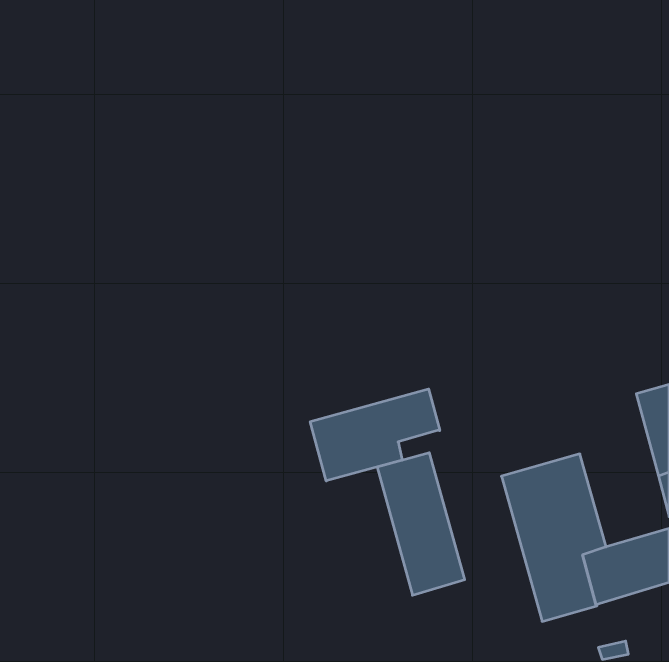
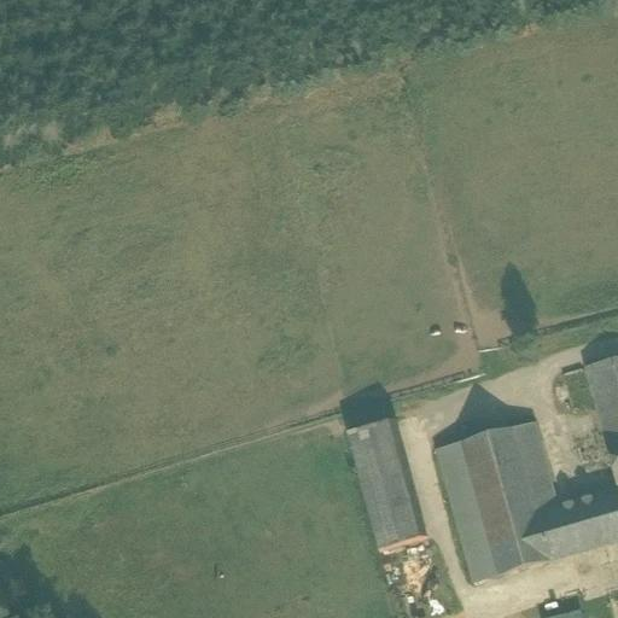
building: [310,389,440,481] -> none
building: none -> [437,439,500,581]

